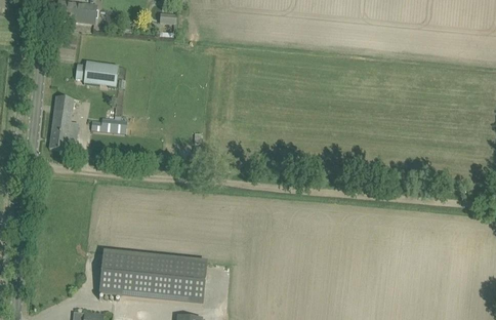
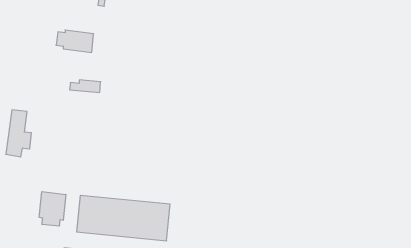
building: [48,95,78,150] -> [6,110,31,157]
building: none -> [39,192,66,226]

